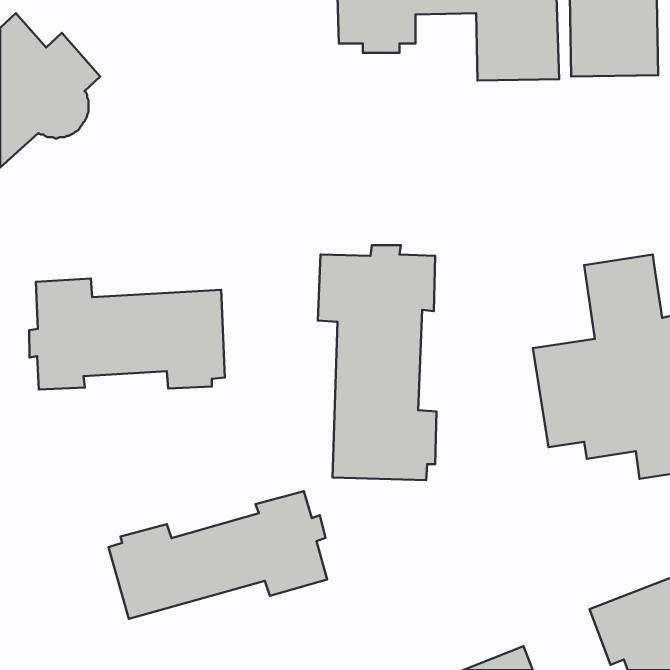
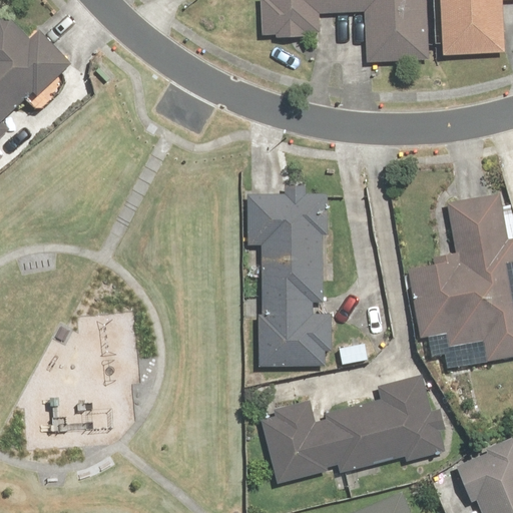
building: [29,278,225,389] -> none
building: [108,491,327,619] -> none
building: none -> [259,374,446,485]

